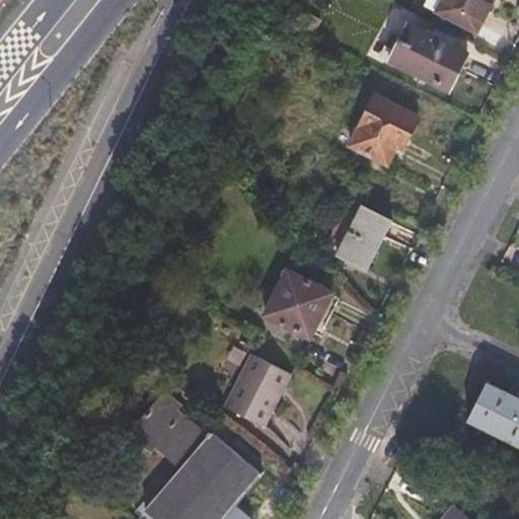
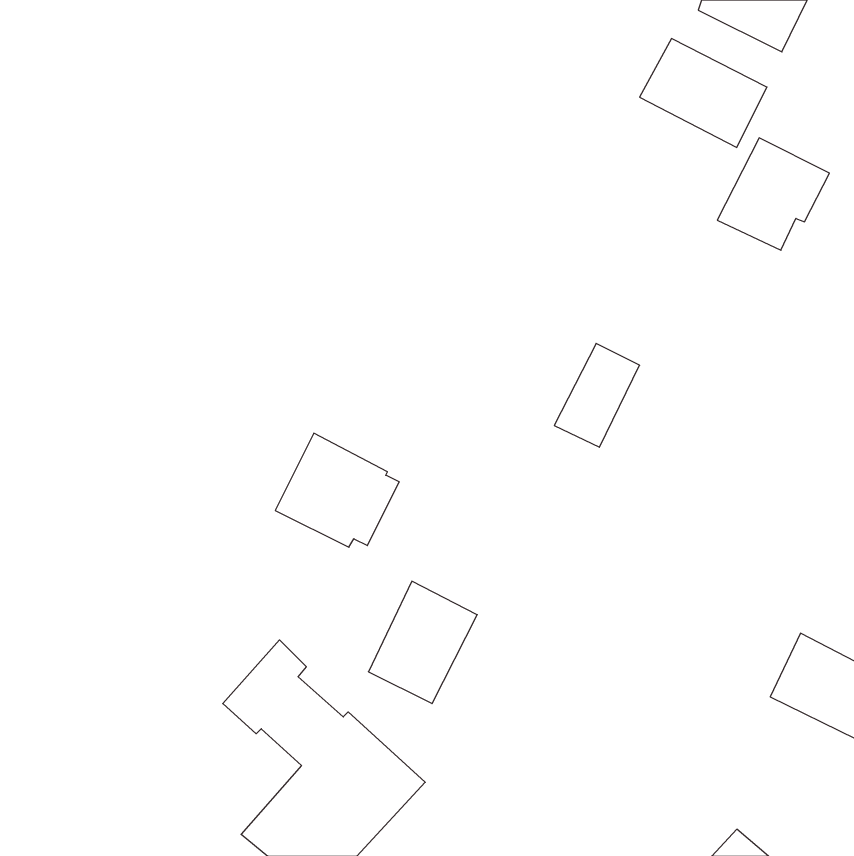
building: [347,97,415,165] -> [717,138,829,250]
building: [262,270,337,339] -> [275,433,399,547]

